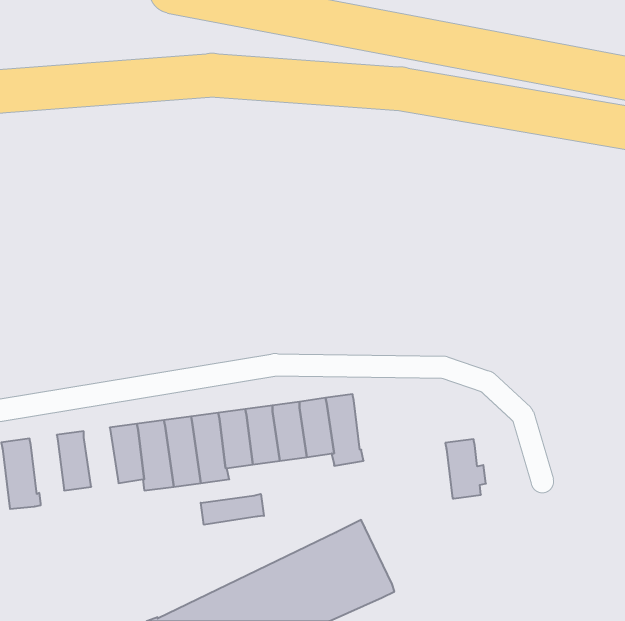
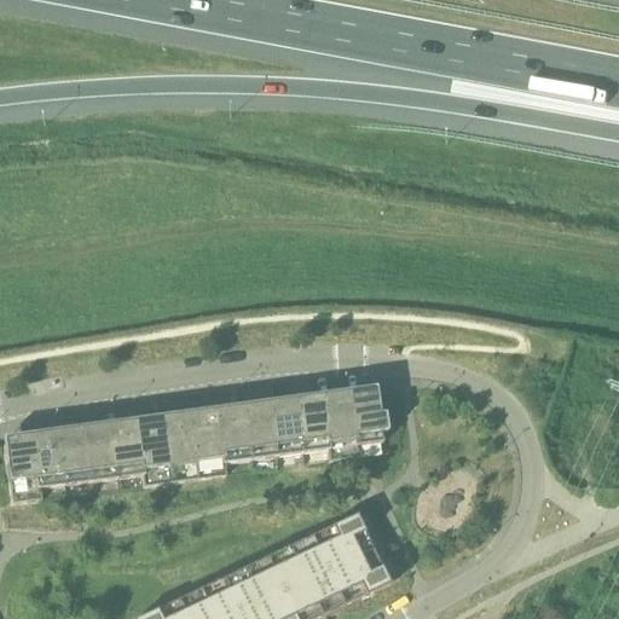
building: none -> [87,420,121,478]
building: none -> [34,427,68,485]
building: [445,439,486,498] -> [351,383,391,441]
building: [201,494,264,525] -> none

